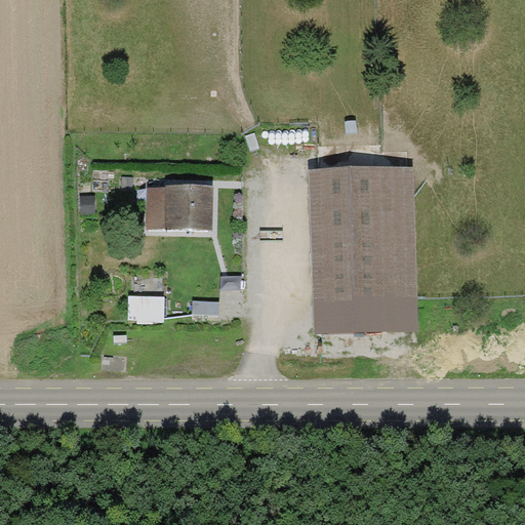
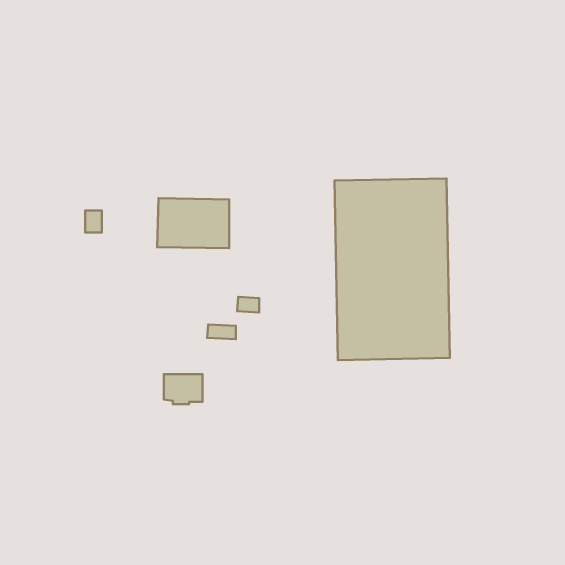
building: [128,295,164,323] -> [164,374,203,404]

